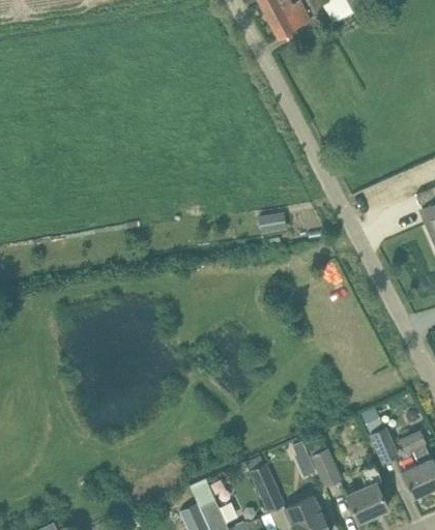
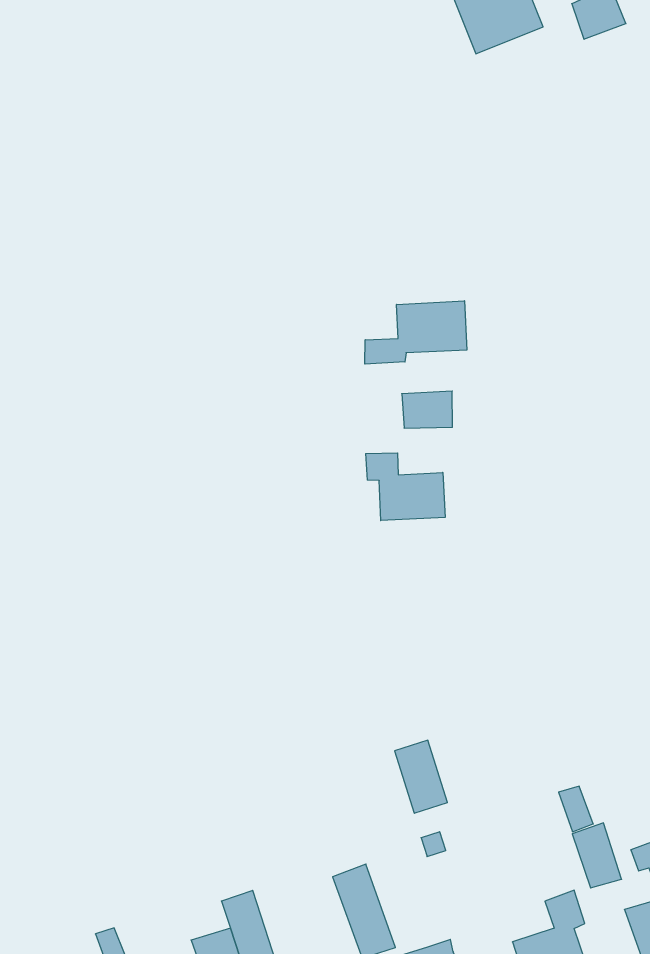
building: none -> [365,301,467,364]
building: none -> [366,453,445,521]
building: [311,449,341,488] -> [395,740,447,813]

